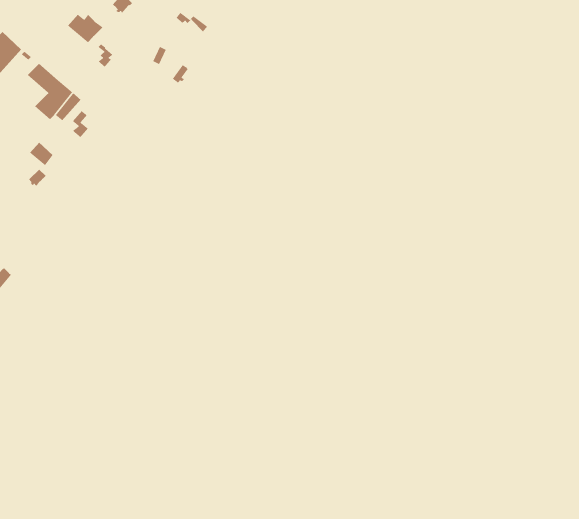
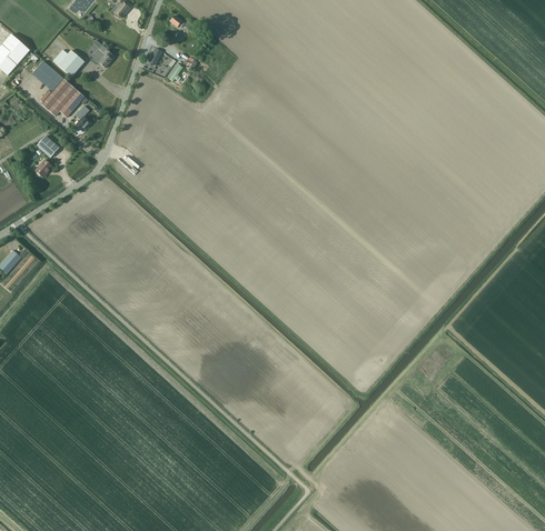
building: [67,14,104,43] -> [52,49,86,76]

